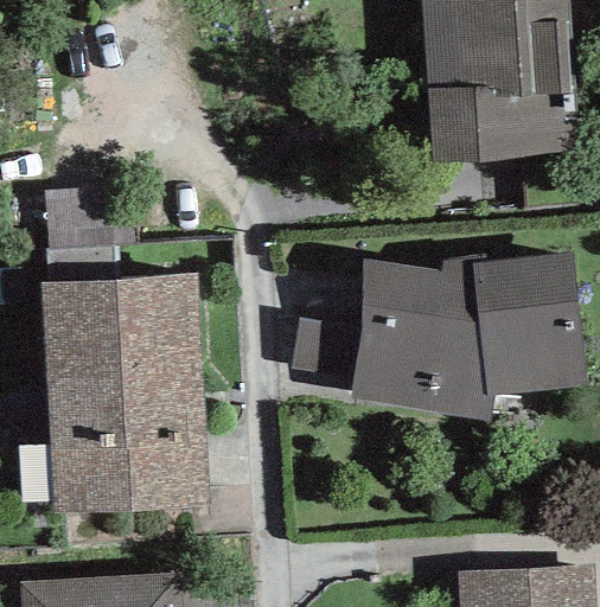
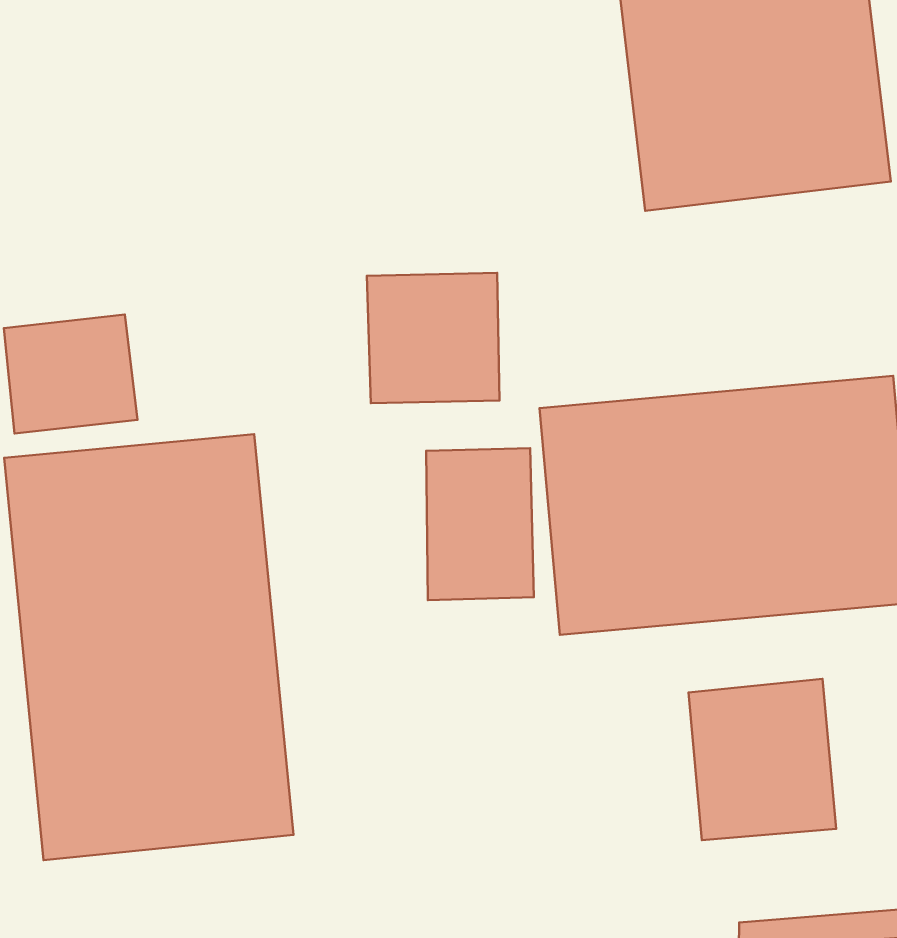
building: none -> [367,273,499,403]
building: none -> [688,679,836,840]

